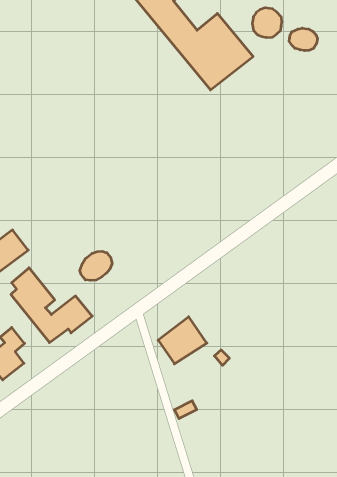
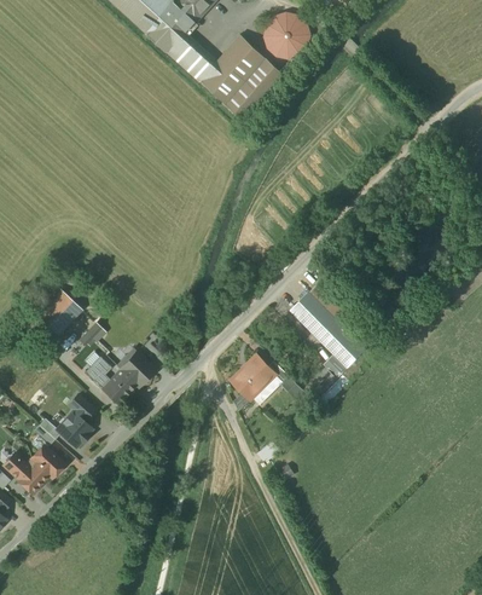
building: [289,28,317,51] -> none
building: [80,251,112,280] -> none
building: none -> [289,284,367,379]

